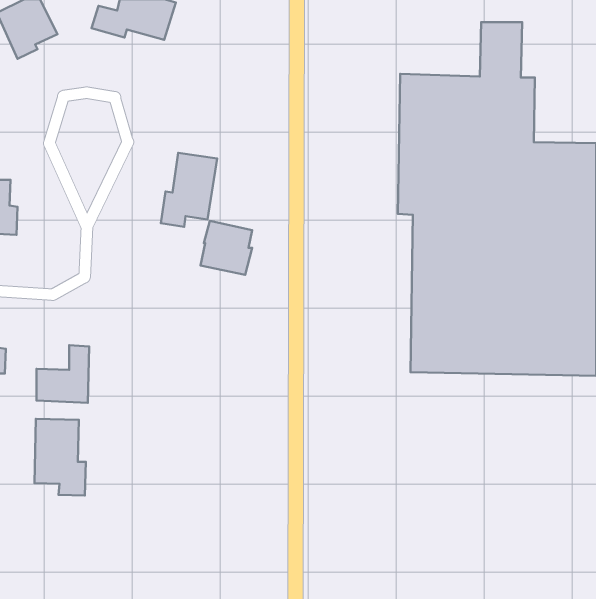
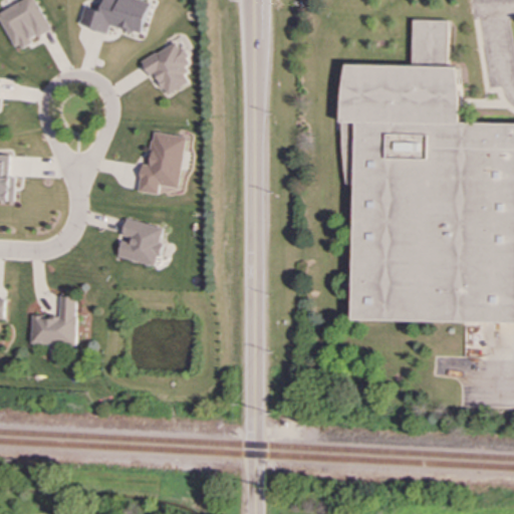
building: none -> [141,40,191,94]
building: [200,221,252,275] -> [117,219,162,265]
building: [34,419,86,495] -> none

